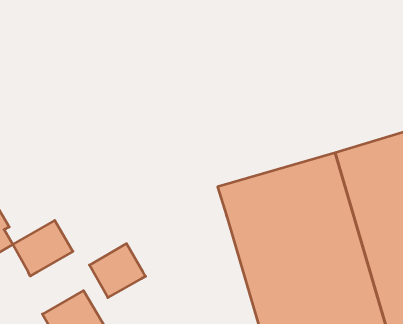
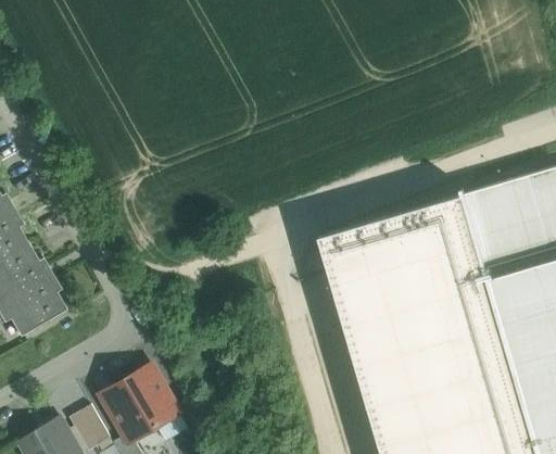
building: [13,220,73,276] -> none
building: [89,244,146,298] -> none

